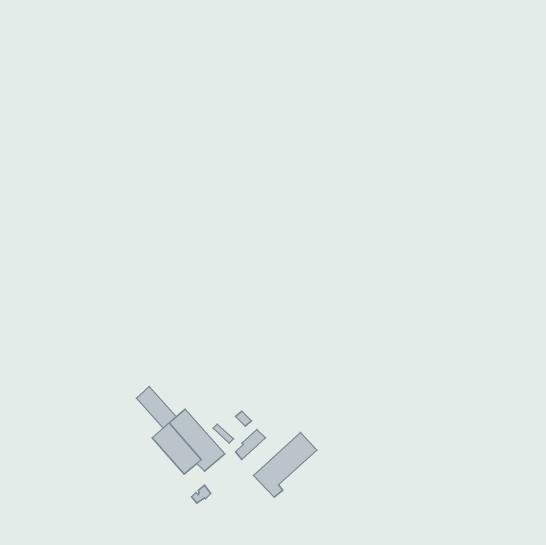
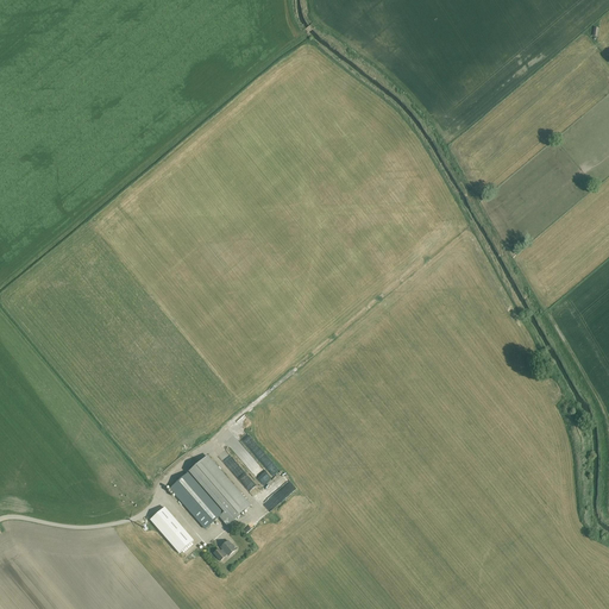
building: [136,386,176,428] -> [149,506,193,552]
building: [253,432,317,497] -> none

